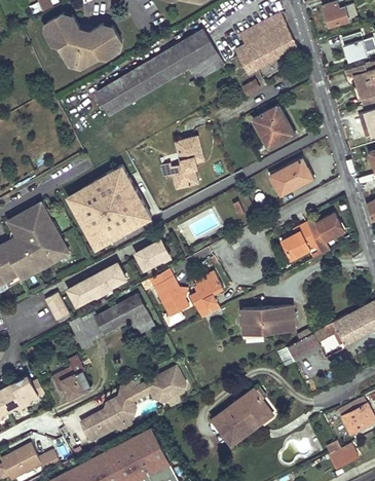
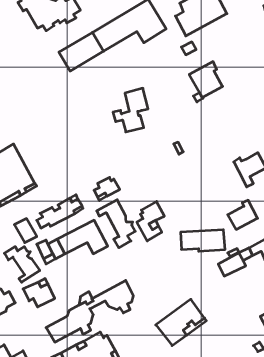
building: [271,159,312,194] -> none
building: [69,164,151,247] -> none
building: [282,224,317,259] -> [228,200,258,229]
building: none -> [4,247,40,282]

